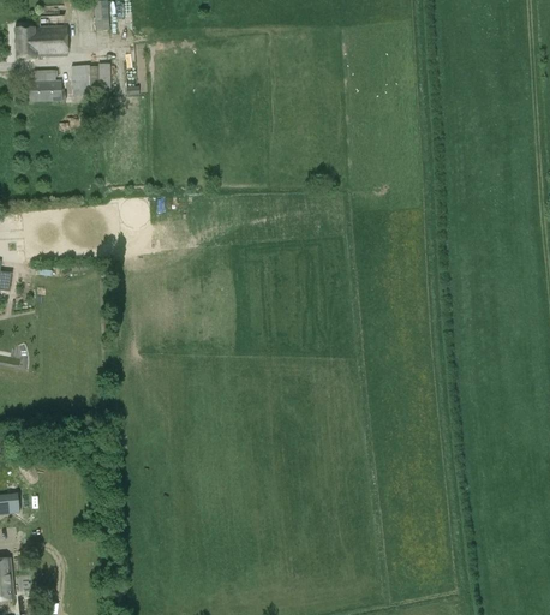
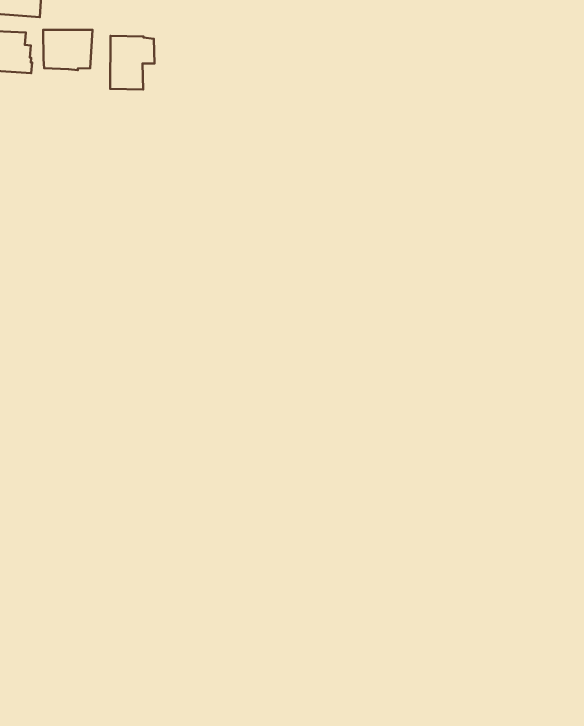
building: none -> [110,36,154,90]

